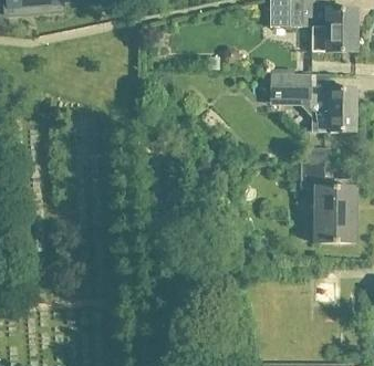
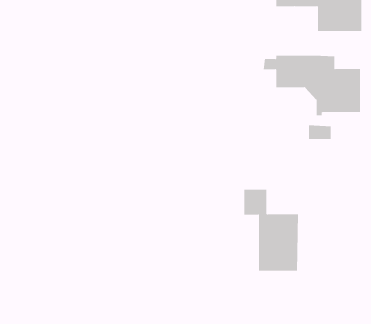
building: [301,160,355,241] -> [244,189,299,271]

